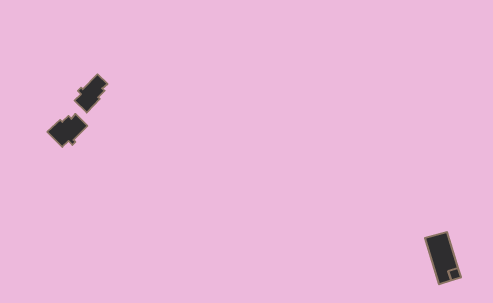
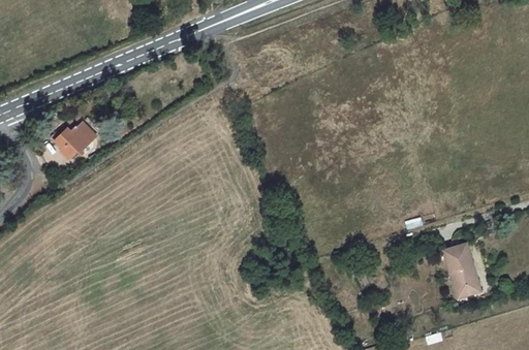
building: [75,74,107,113] -> none

